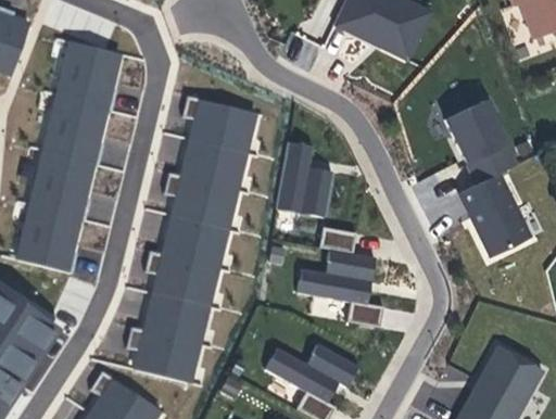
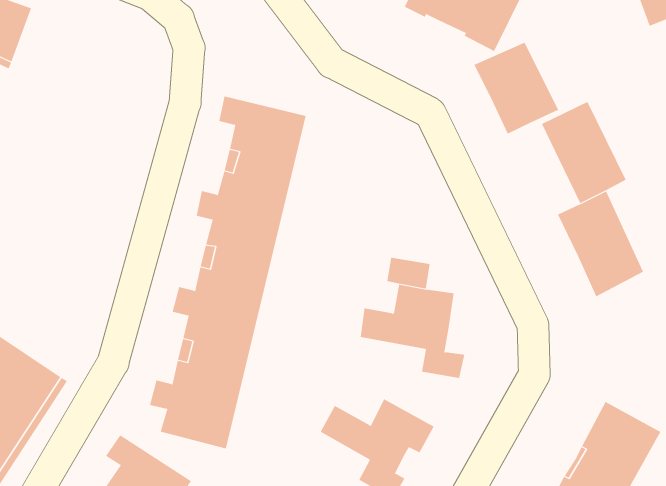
building: [17,40,119,272] -> none
building: none -> [473,42,559,134]
building: [276,141,332,216] -> none

